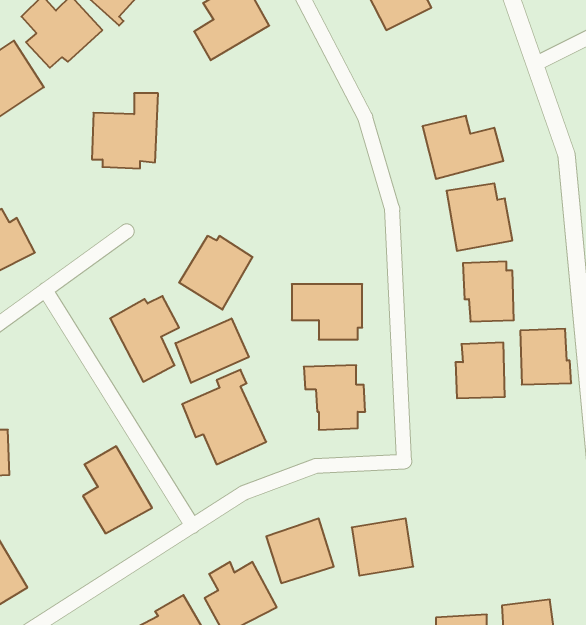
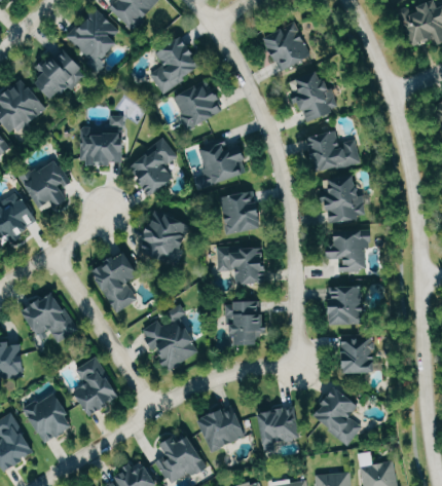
building: none -> [288,71,338,122]
building: none -> [171,78,221,128]
building: none -> [126,138,176,195]
building: none -> [192,138,246,189]
building: none -> [21,158,68,210]
building: none -> [219,191,262,233]
building: [175,318,249,383] -> none
building: [520,329,571,385] -> [340,335,375,373]
building: none -> [22,292,74,341]
building: none -> [309,385,361,444]
building: none -> [23,391,73,444]

